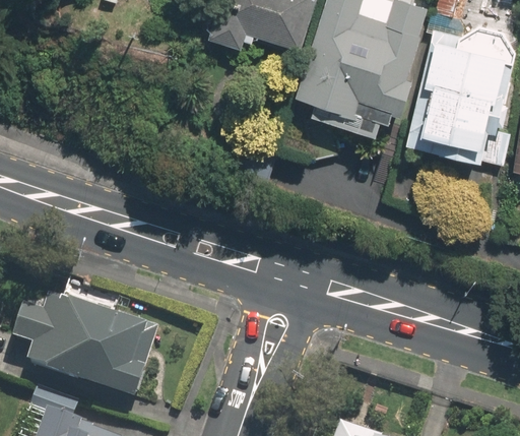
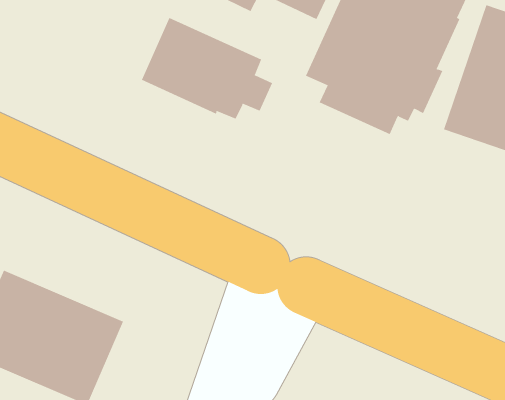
building: none -> [141,17,273,119]

